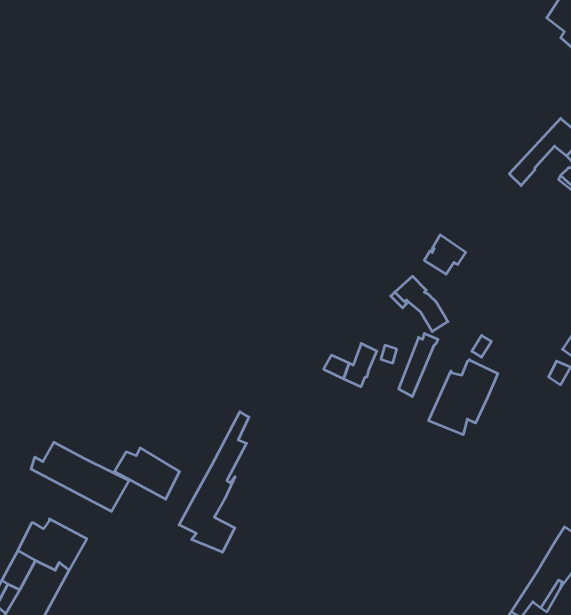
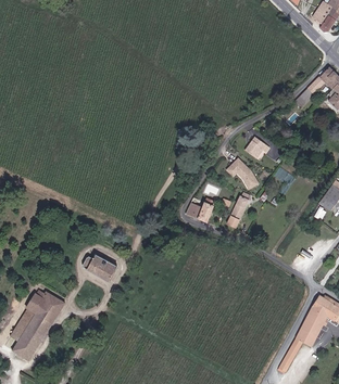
building: [429,360,498,435] -> none
building: [179,412,249,552] -> none
building: [31,442,129,511] -> none

